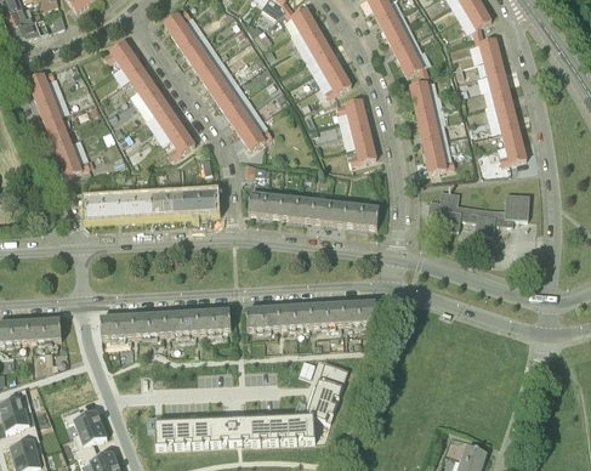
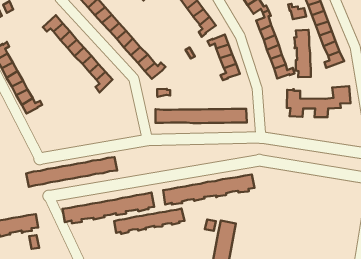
building: none -> [294,30,311,77]
building: [85,191,215,217] -> [26,157,117,187]
building: none -> [114,209,184,234]

